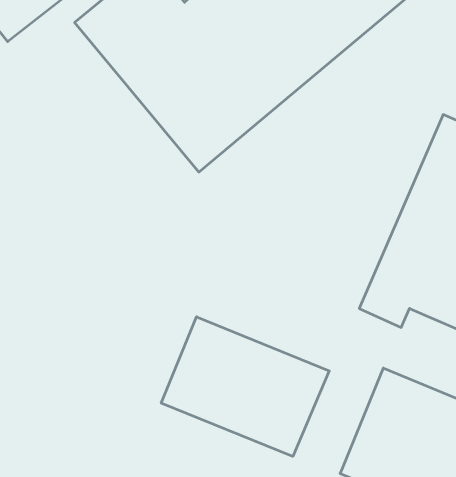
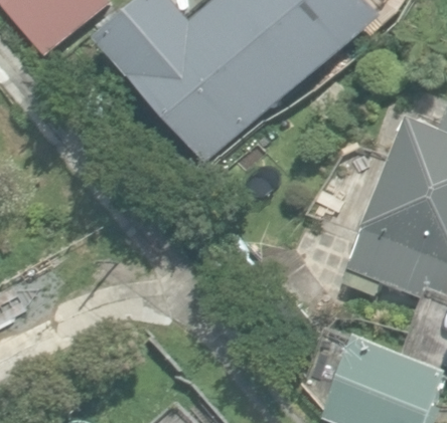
building: [161,317,329,456] -> none

